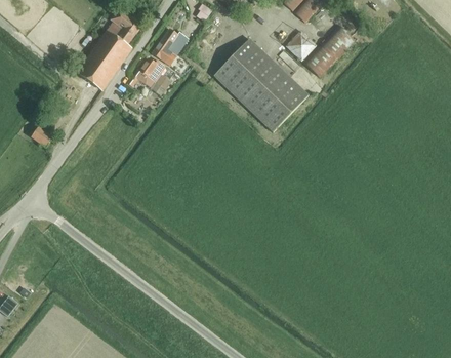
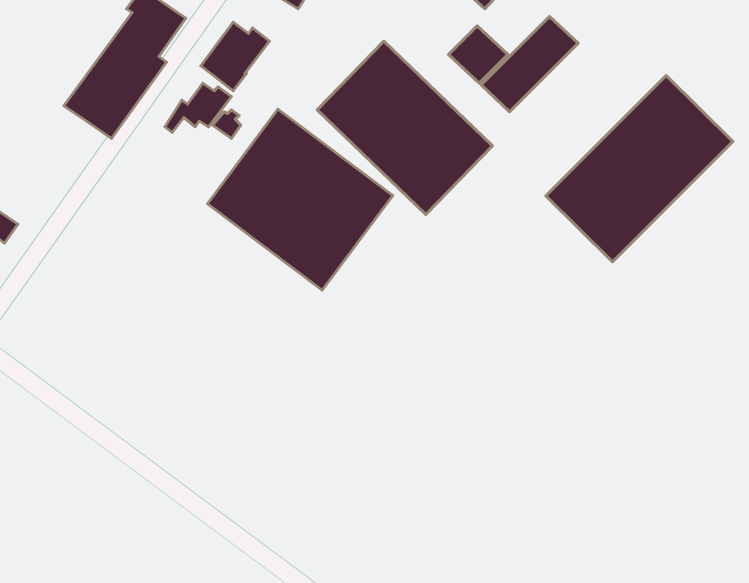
building: none -> [546,76,733,262]
building: none -> [207,109,393,290]

